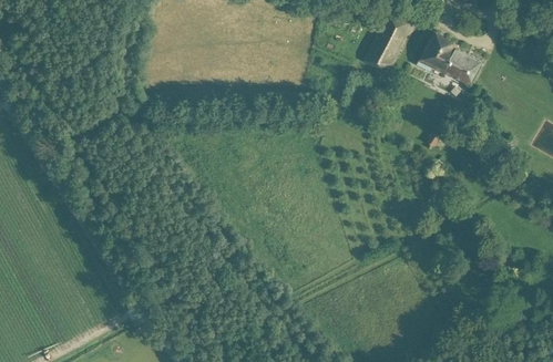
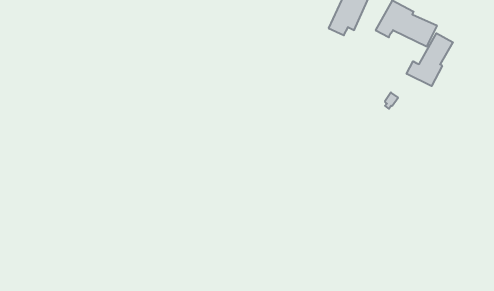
building: none -> [407,33,453,86]

